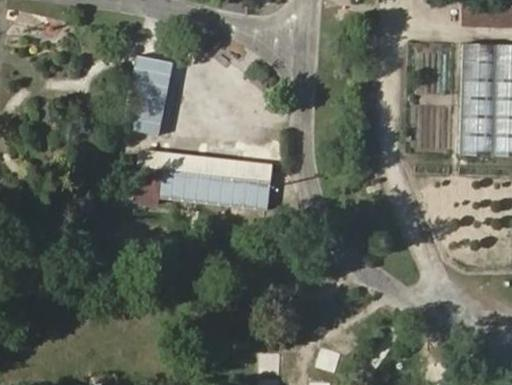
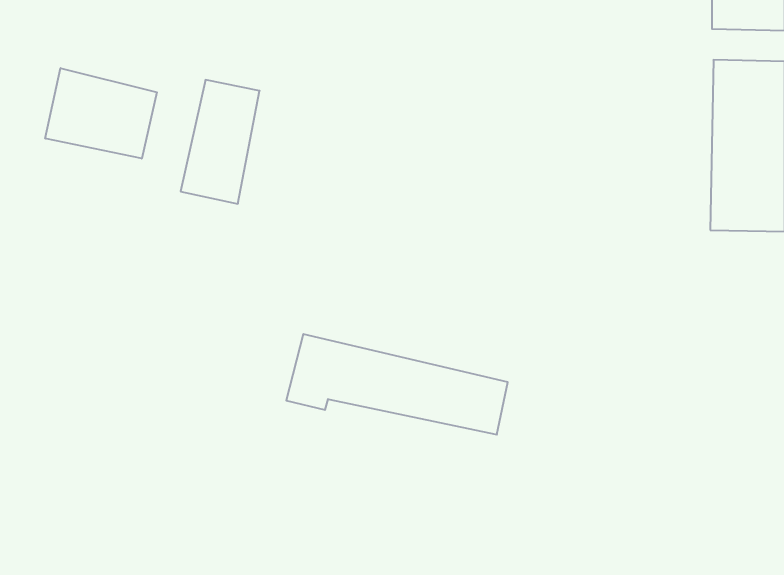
building: none -> [45,68,157,159]
building: [133,145,276,210] -> [286,334,508,435]

